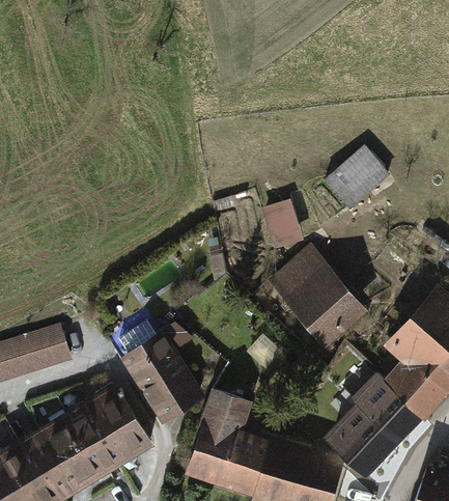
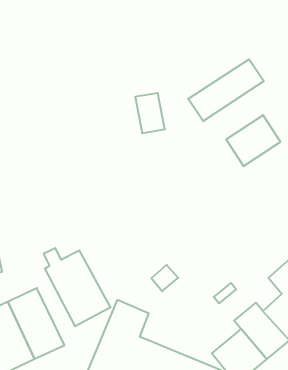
building: none -> [188,59,264,121]
building: [263,201,303,251] -> [135,93,165,133]
building: [270,245,368,345] -> none

